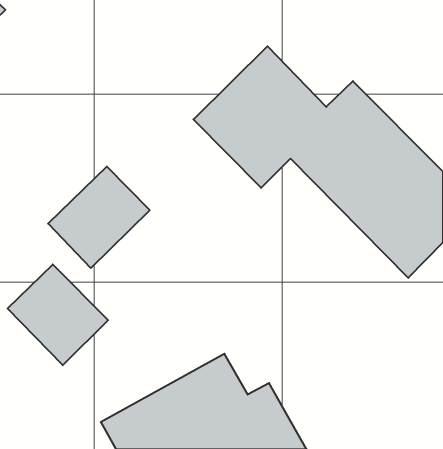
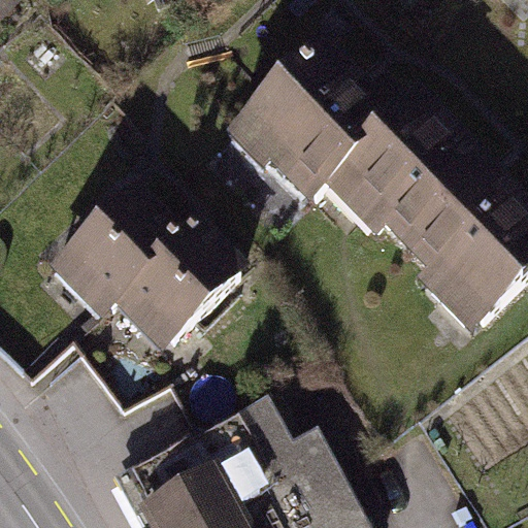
building: none -> [121,229,238,346]
building: [8,264,108,365] -> none

